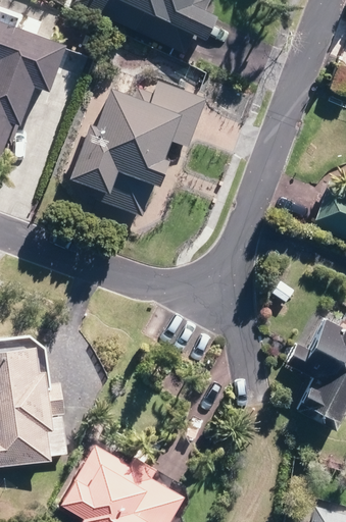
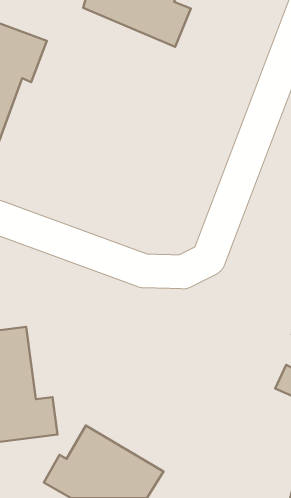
building: [65,80,205,213] -> none

